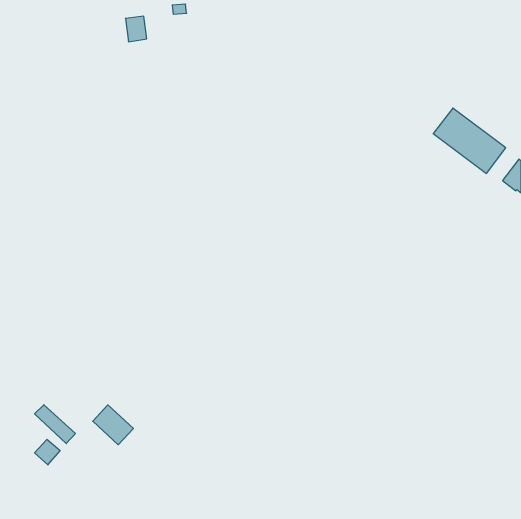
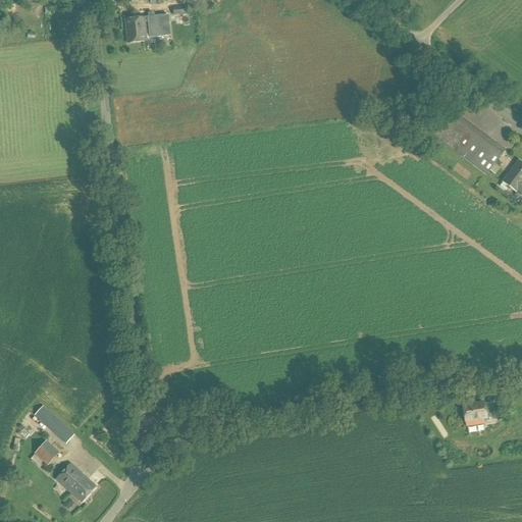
building: none -> [145,14,170,36]
building: none -> [463,398,498,425]
building: [93,405,133,445] -> [56,462,97,502]

